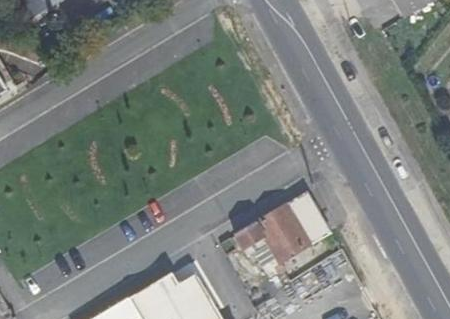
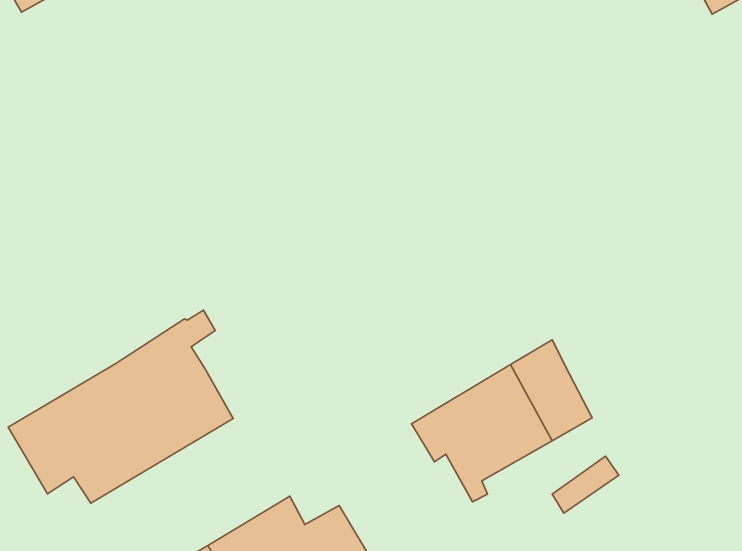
building: none -> [8,310,233,503]

